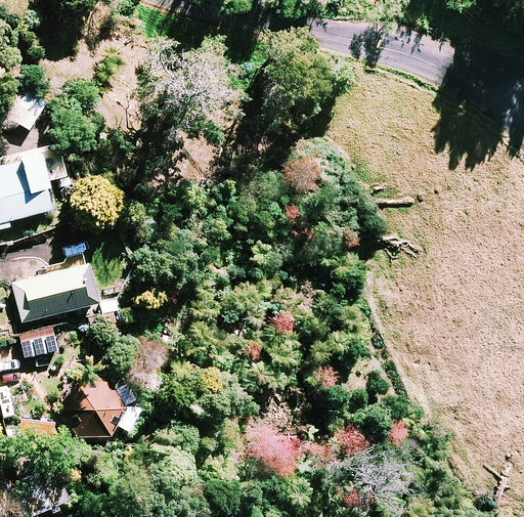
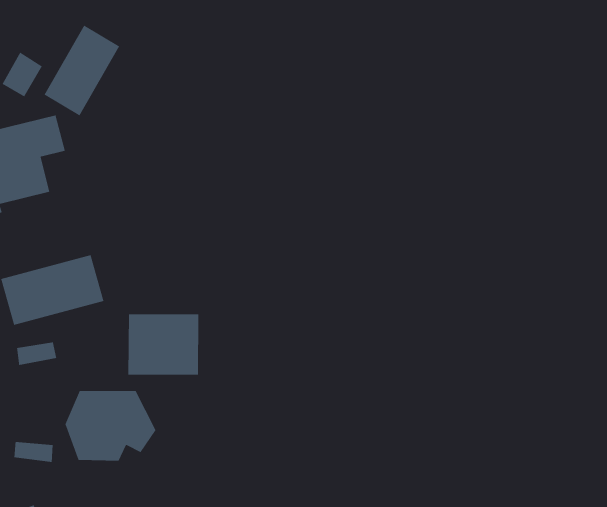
building: none -> [43,25,120,116]
building: none -> [128,313,199,375]

